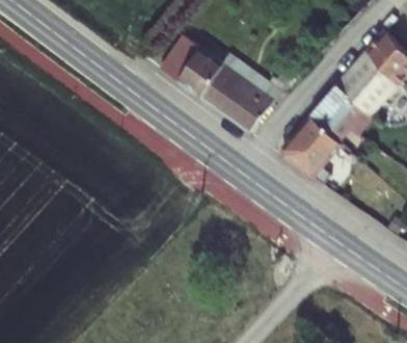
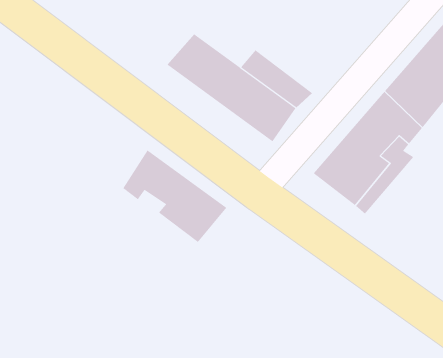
building: none -> [123,150,227,243]

